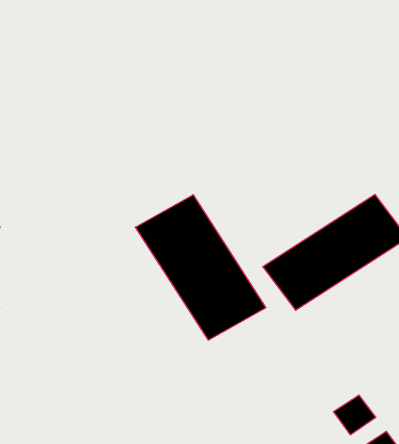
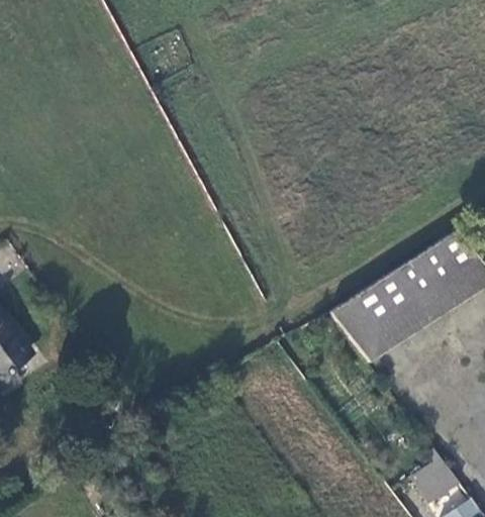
building: [135,195,266,340] -> none

